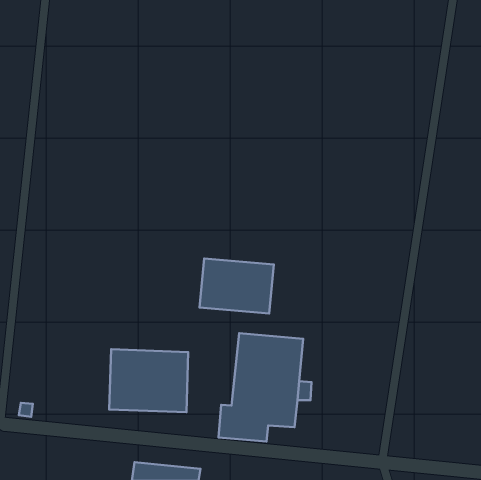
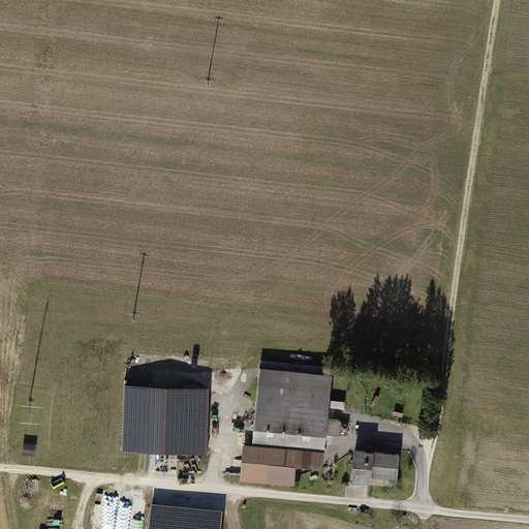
building: [200,258,274,314] -> none
building: none -> [348,448,400,487]

